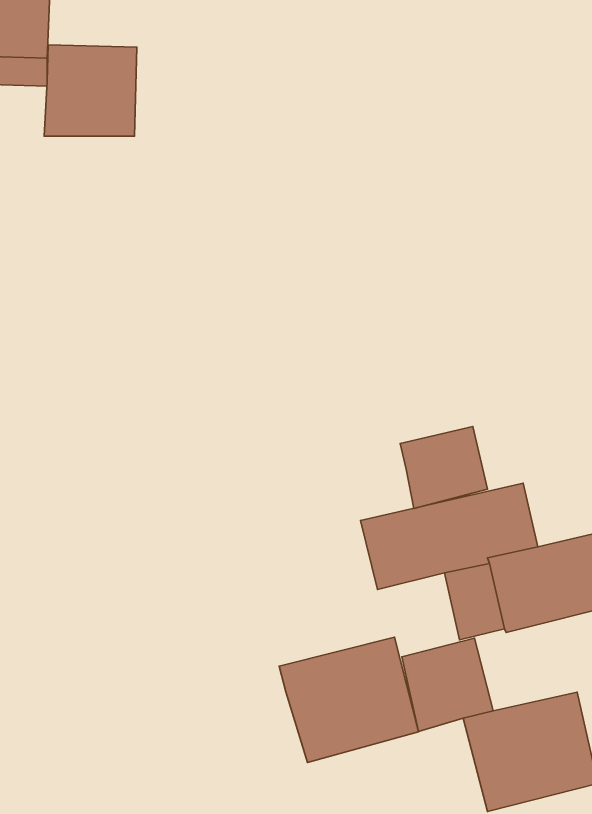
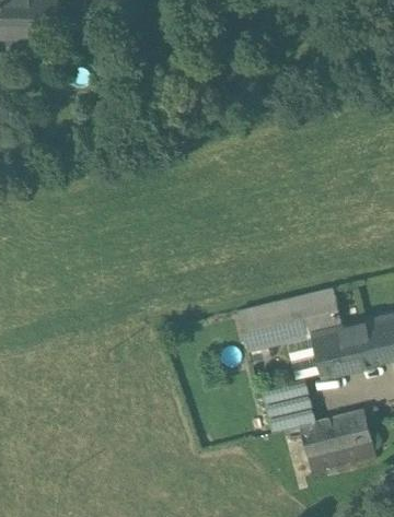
building: [44,45,137,136] -> none
building: [400,426,487,508] -> none
building: [279,637,419,763] -> none

